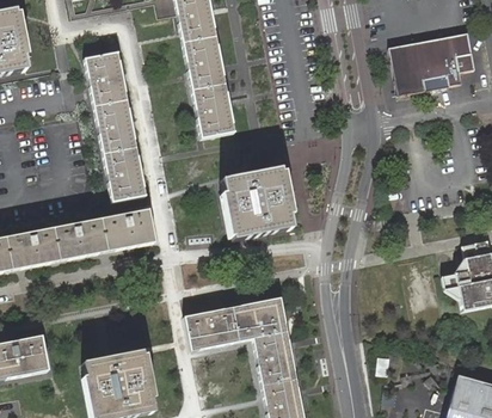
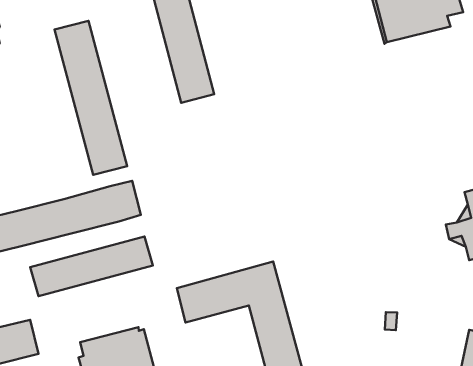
building: [223,165,295,236] -> none
building: none -> [30,236,153,296]

